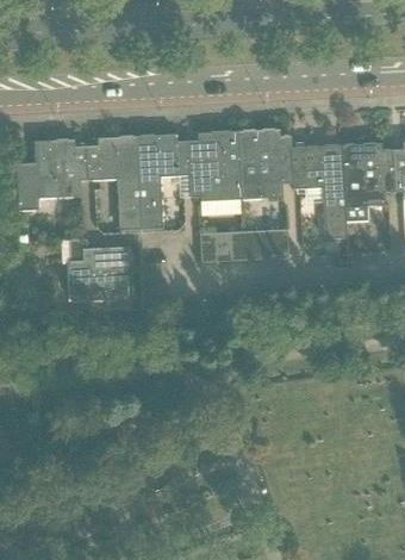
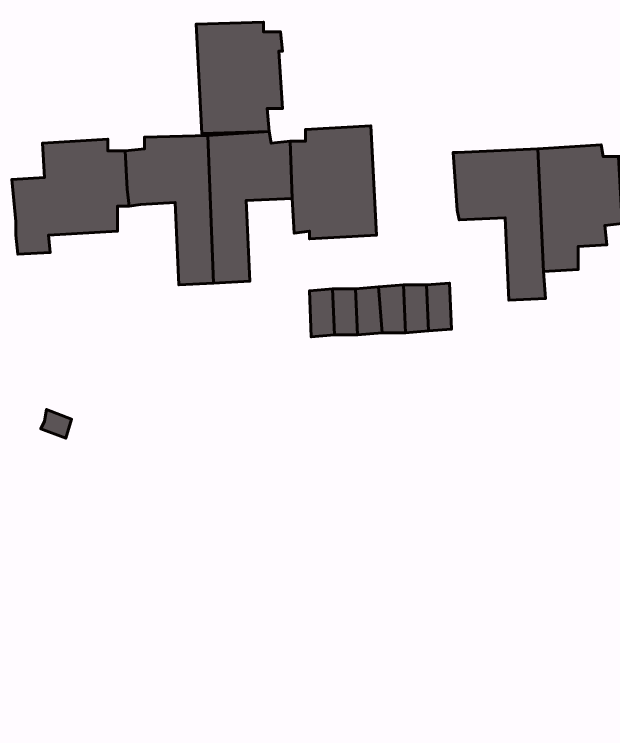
building: [238,129,292,198] -> [196,22,283,133]
building: [61,238,132,309] -> none

